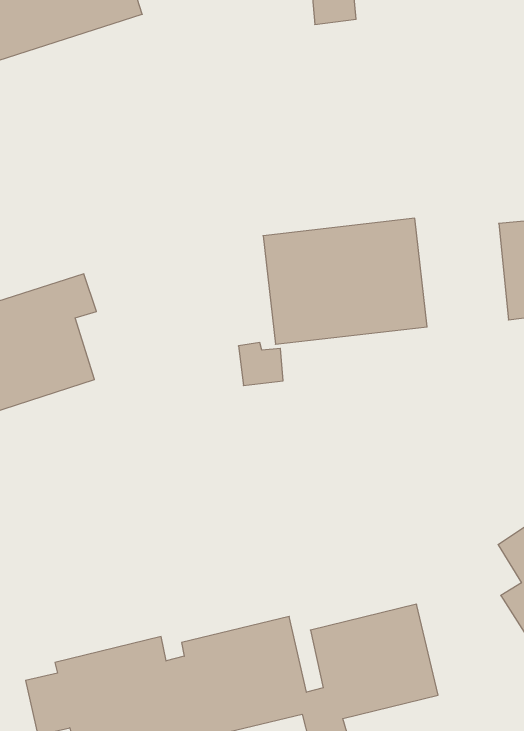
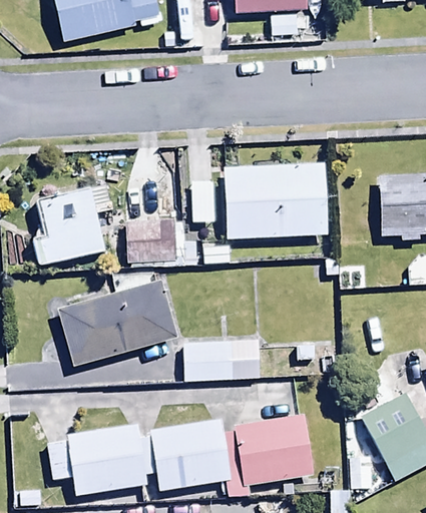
building: none -> [126,217,183,262]
building: none -> [57,278,181,366]
building: none -> [181,338,261,382]

